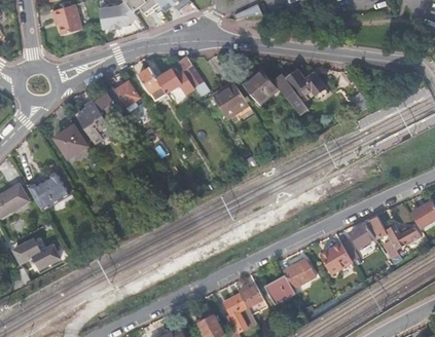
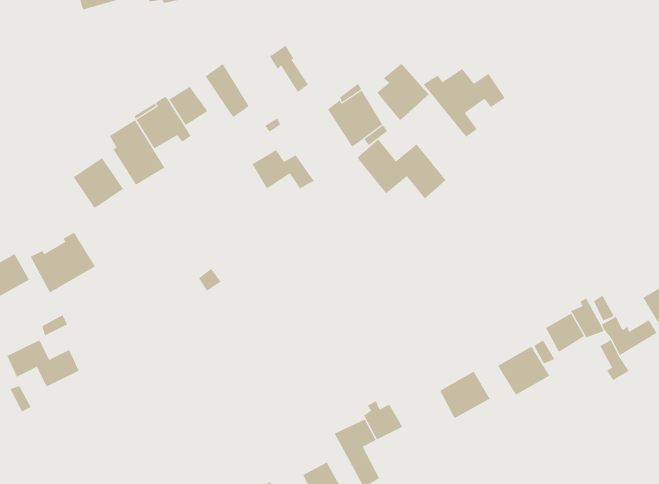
building: [155,69,194,93] -> [252,149,314,189]
building: none -> [356,139,446,199]
building: [264,274,294,304] -> none

